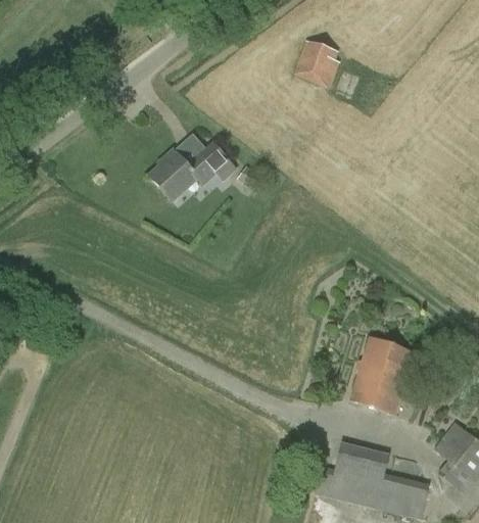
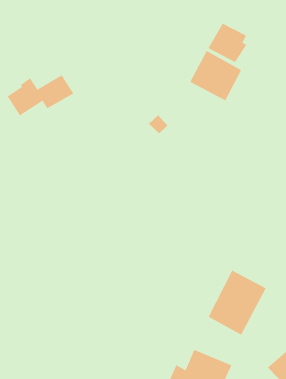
building: none -> [190,50,242,101]
building: [151,141,232,200] -> [7,75,74,116]

